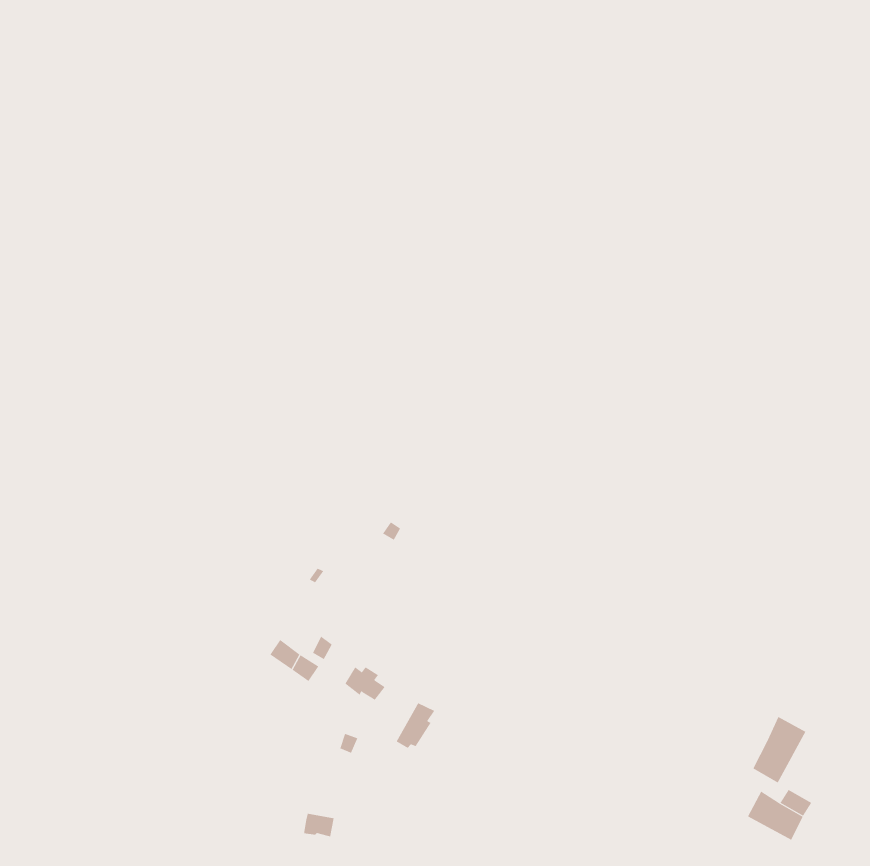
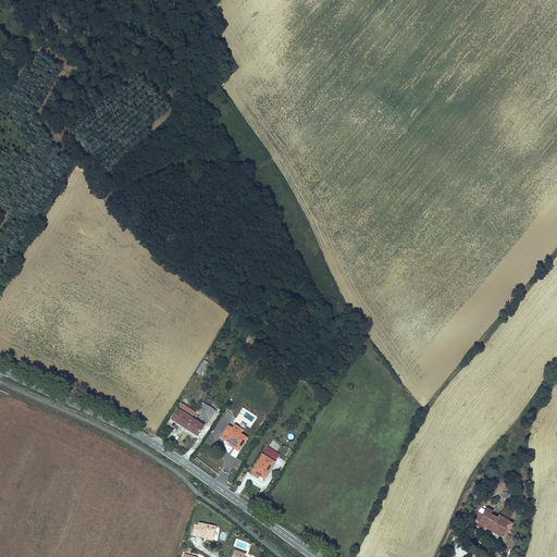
building: [753,716,806,784] -> none

